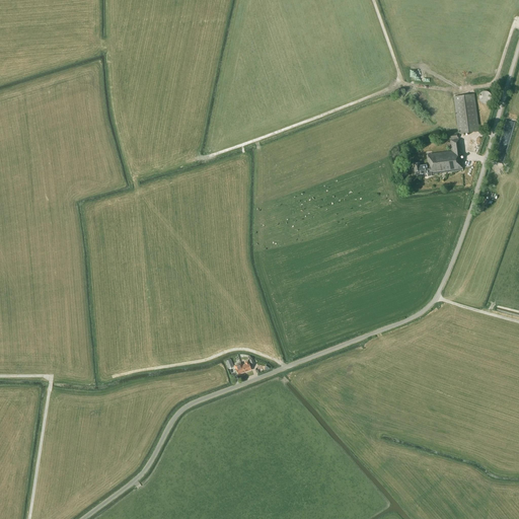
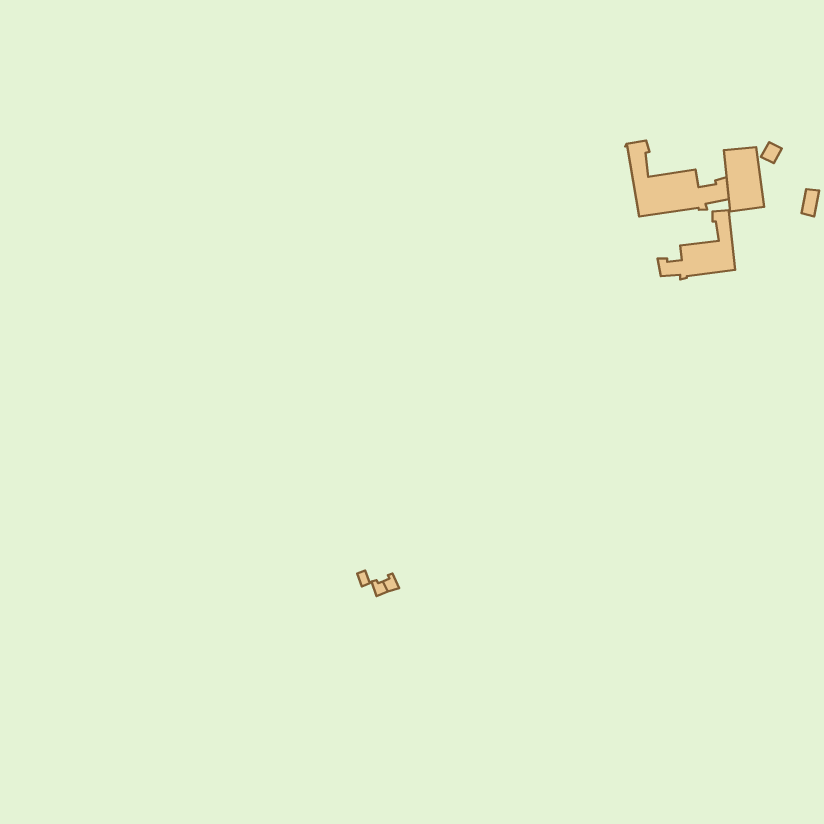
building: none -> [625,140,729,217]

